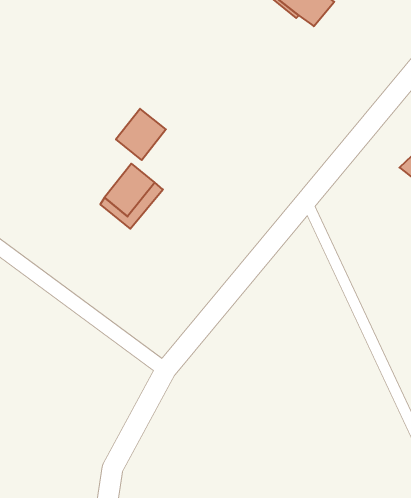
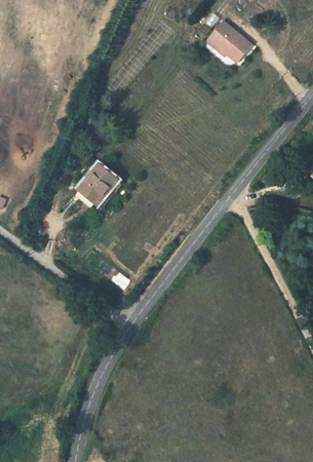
building: [116,109,166,160] -> none

